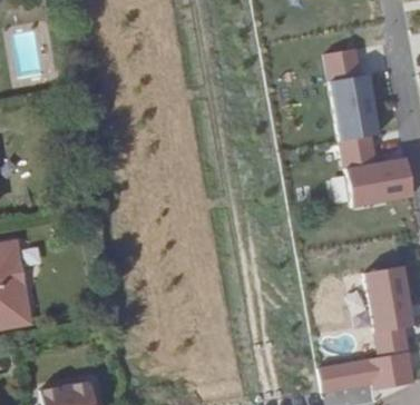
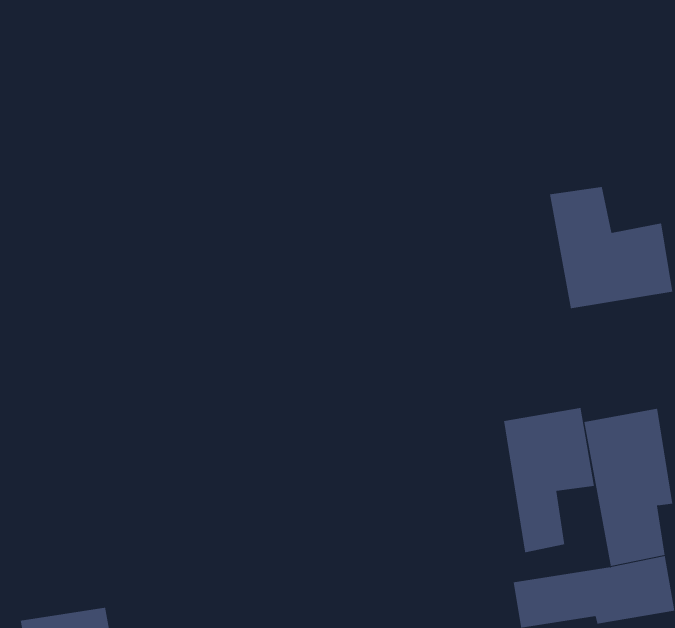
building: [328,49,382,140] -> none
building: none -> [503,407,595,553]

